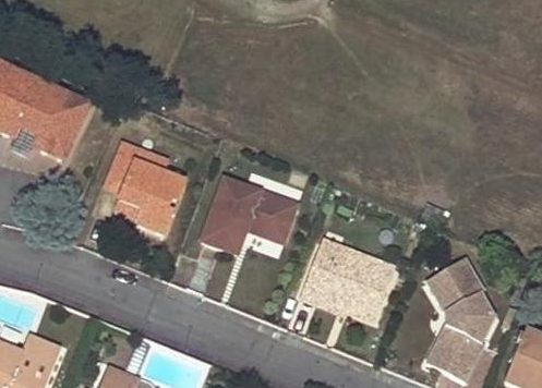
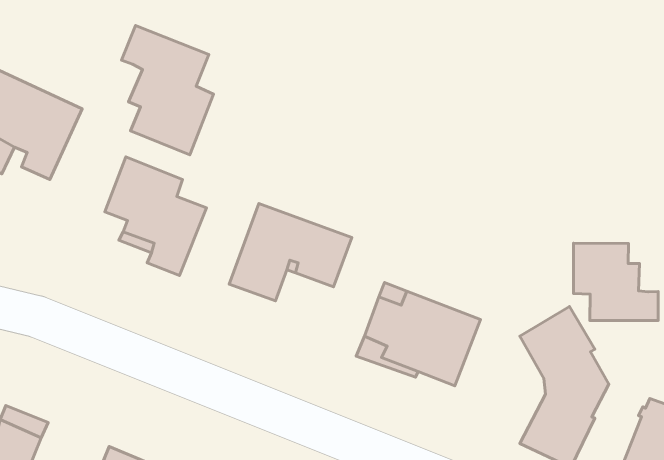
building: none -> [122,26,214,155]
building: none -> [573,243,658,320]

